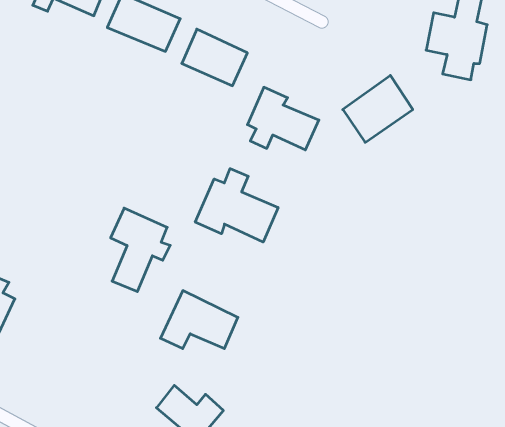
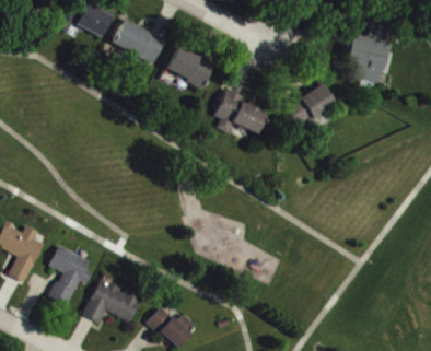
building: [195,169,278,242] -> none
building: [111,208,170,292] -> [49,245,93,306]
building: [160,291,238,349] -> [84,280,141,323]

